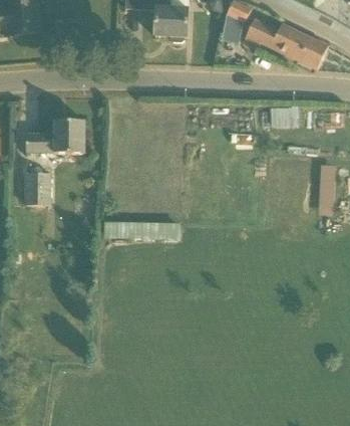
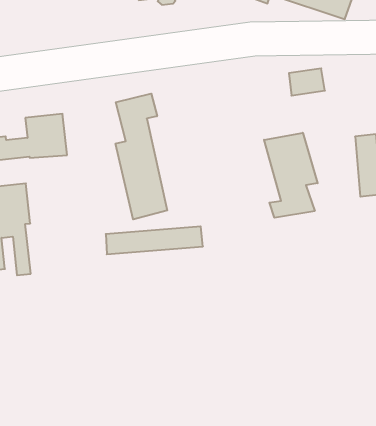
building: none -> [116,94,167,219]
building: none -> [264,133,318,218]

